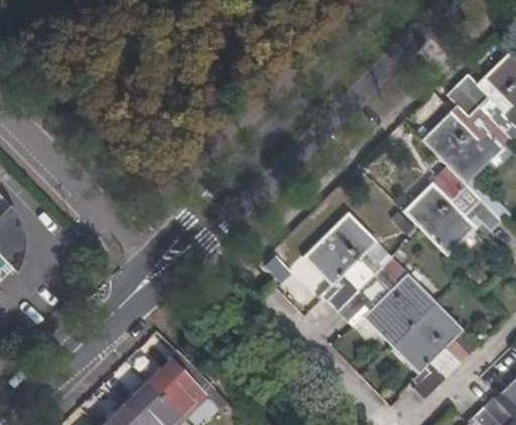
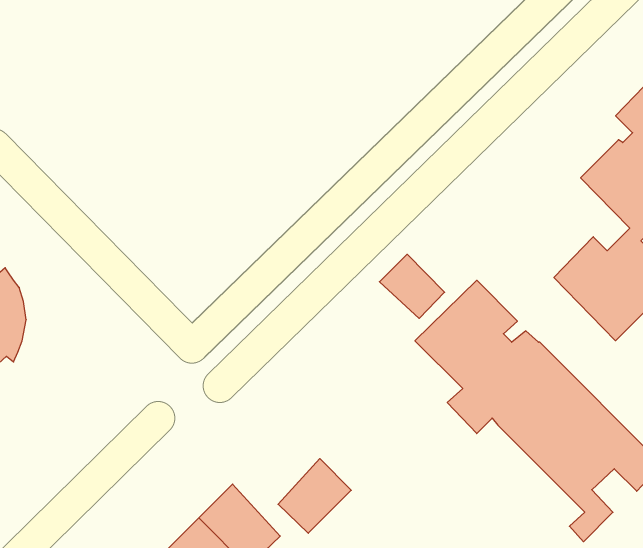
building: none -> [379,254,445,318]
building: none -> [278,459,351,533]

